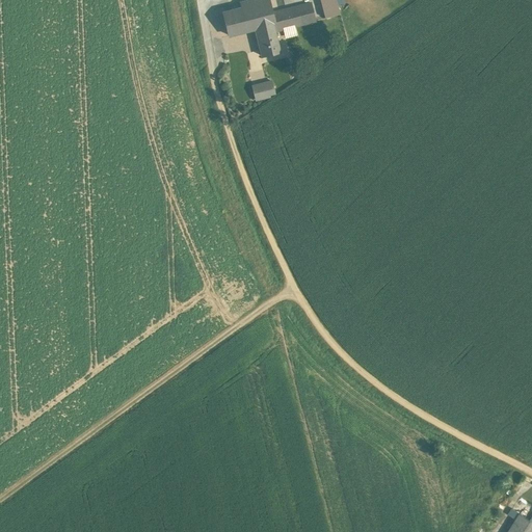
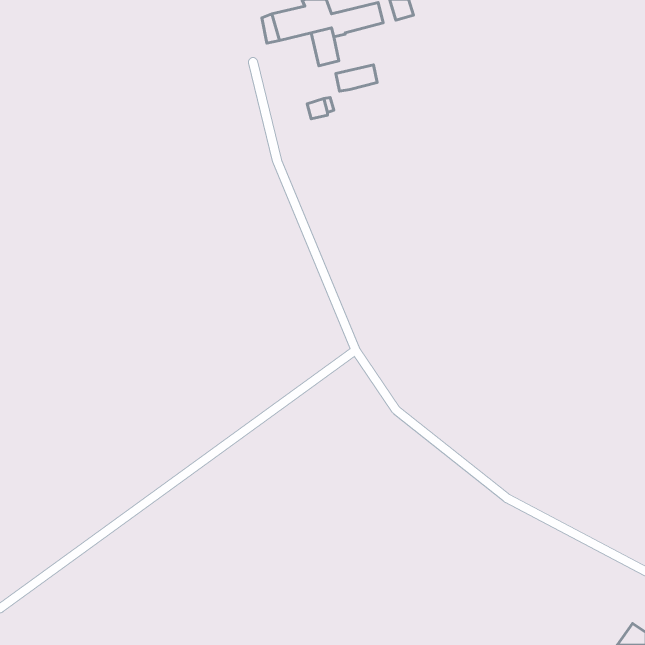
building: none -> [336,65,377,91]

